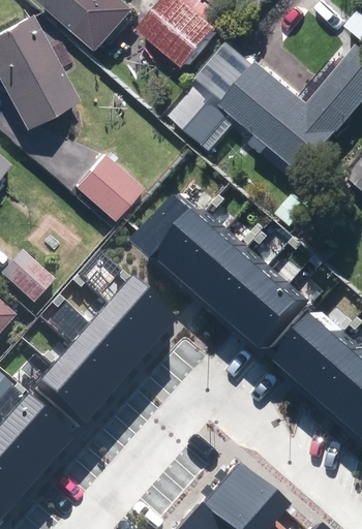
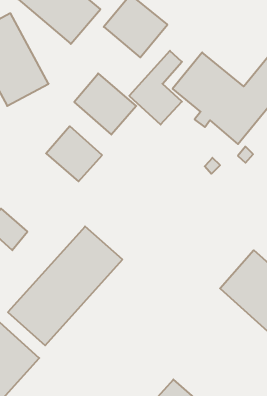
building: none -> [74,73,136,135]
building: [142,191,311,343] -> none

